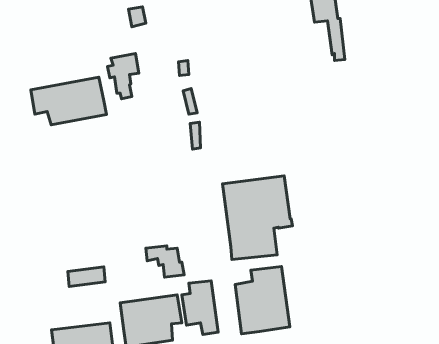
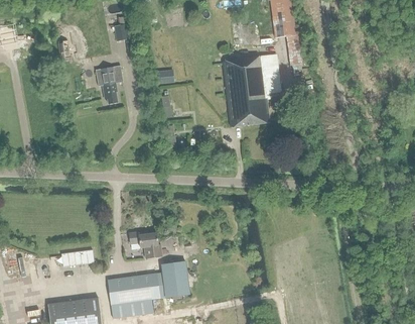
building: [31,77,106,125] -> none
building: [223,176,292,260] -> [223,52,283,125]
building: [235,267,290,334] -> none

